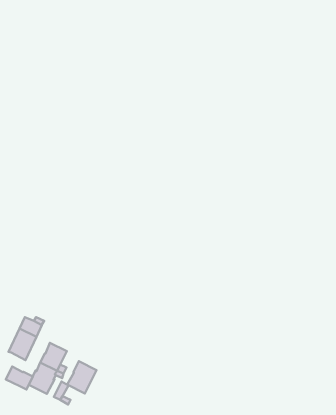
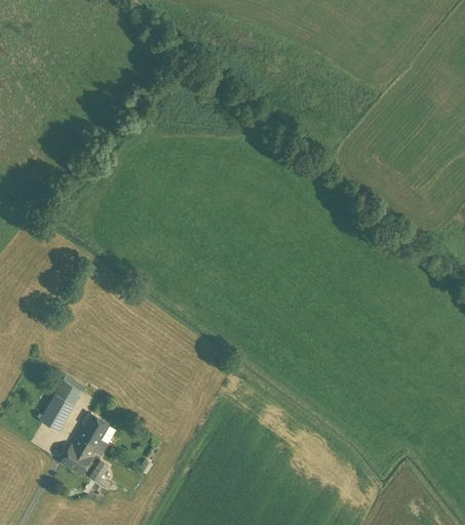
building: [67,361,97,394] -> none
building: [6,367,33,389] -> none

